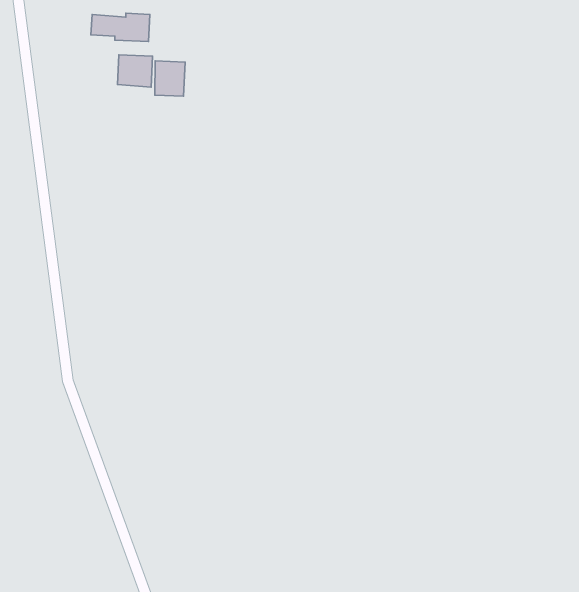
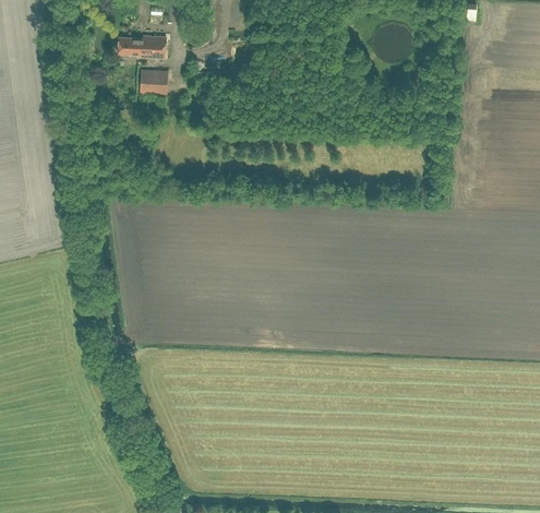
building: [155,61,185,96] -> none

